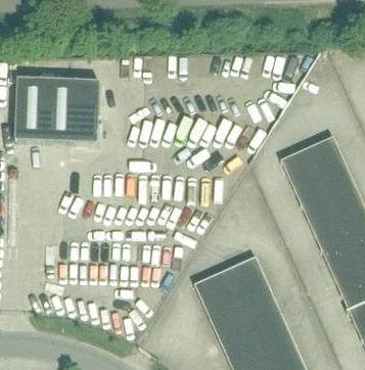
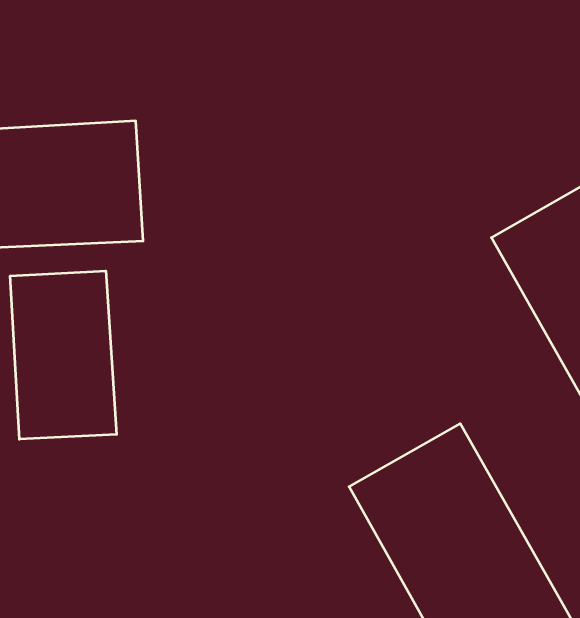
building: none -> [10,271,117,439]

